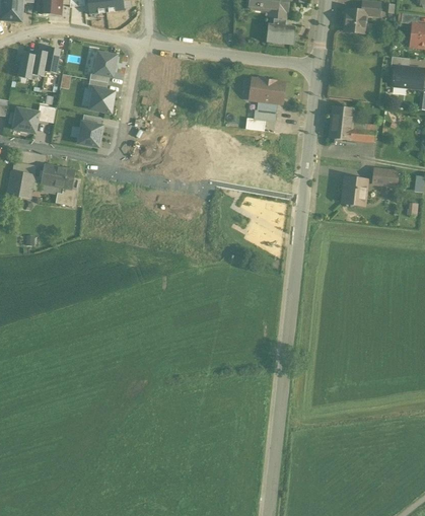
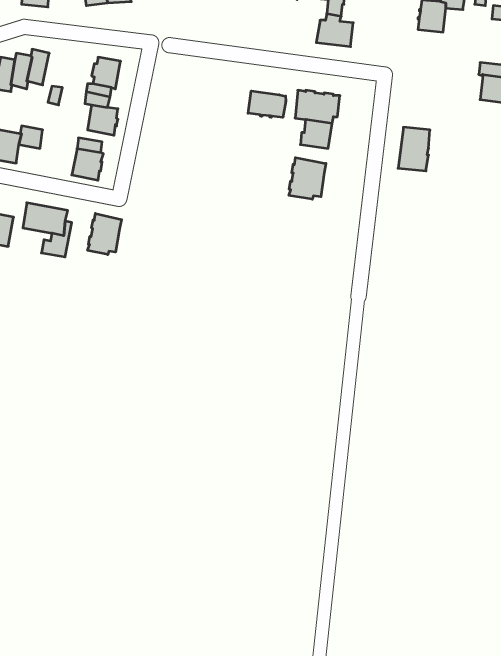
building: none -> [248,91,286,117]
building: [350,122,376,141] -> none
building: none -> [289,158,326,199]
building: [372,167,398,186] -> none
building: none -> [88,213,122,255]
building: [343,176,366,202] -> none

